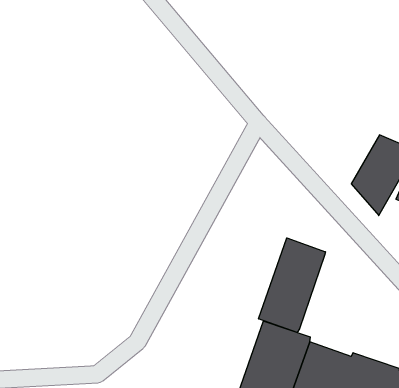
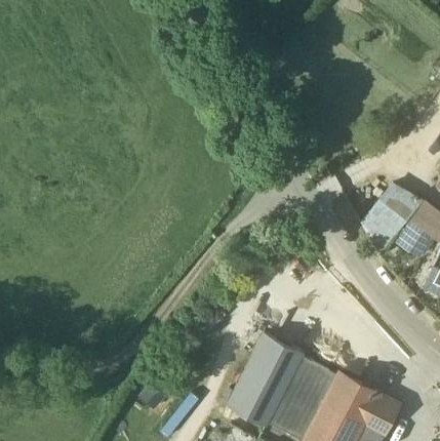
building: [259,238,325,333] -> none

